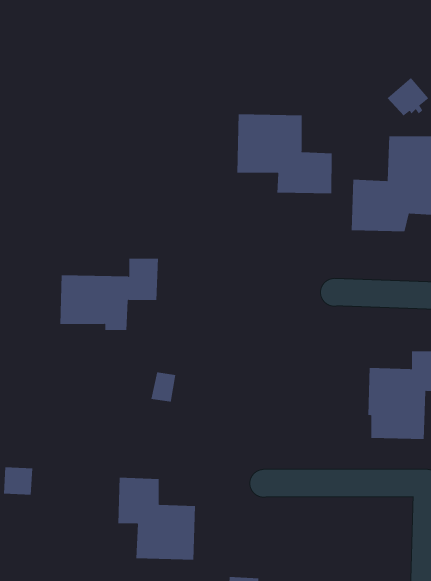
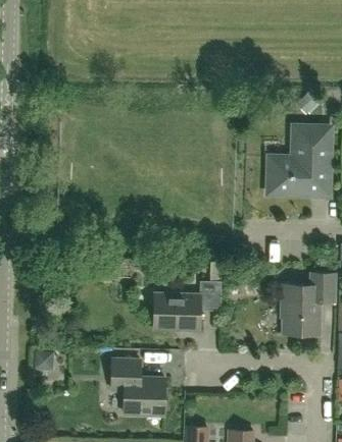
building: [237,114,332,194] -> none
building: [59,258,159,331] -> [153,282,221,331]

